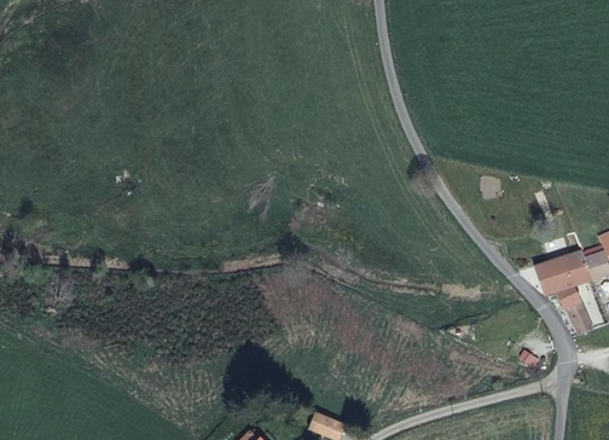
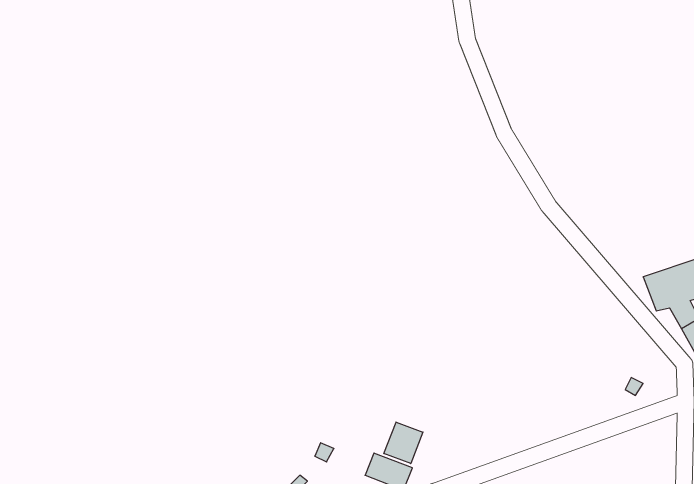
building: none -> [384,422,423,464]

